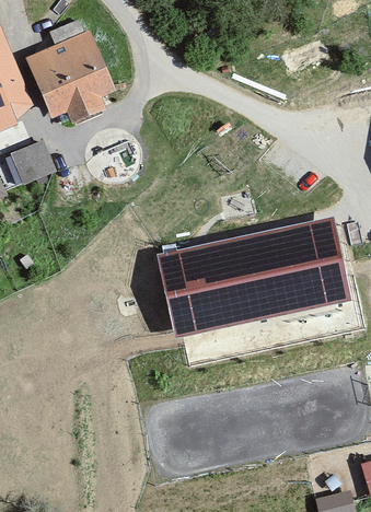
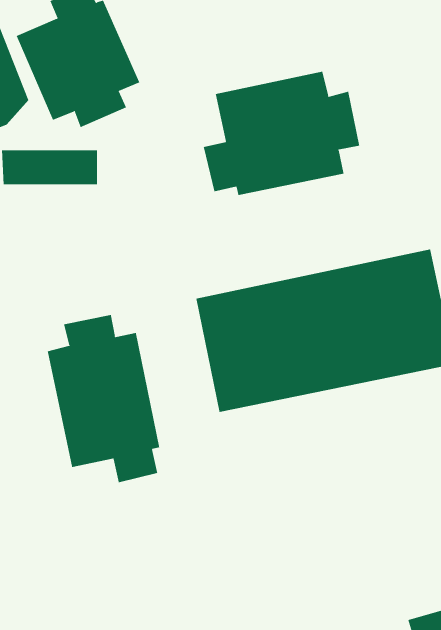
building: none -> [203,71,360,196]
building: none -> [47,314,160,483]

